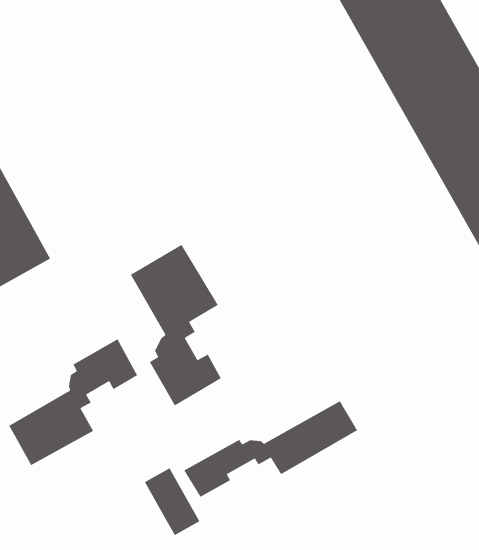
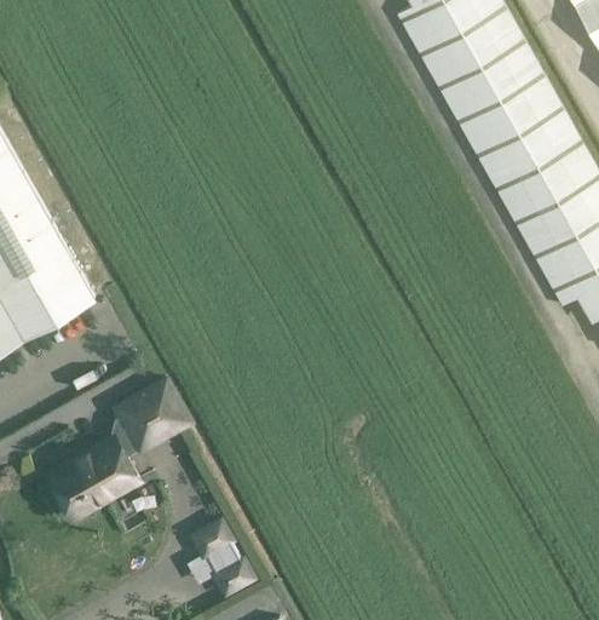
building: [130,244,222,407] -> none
building: [183,400,358,498] -> none

